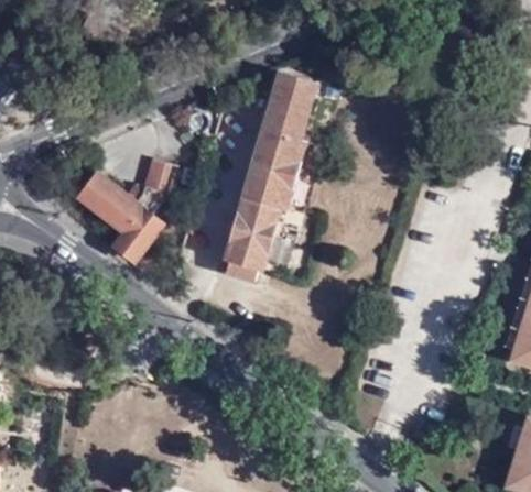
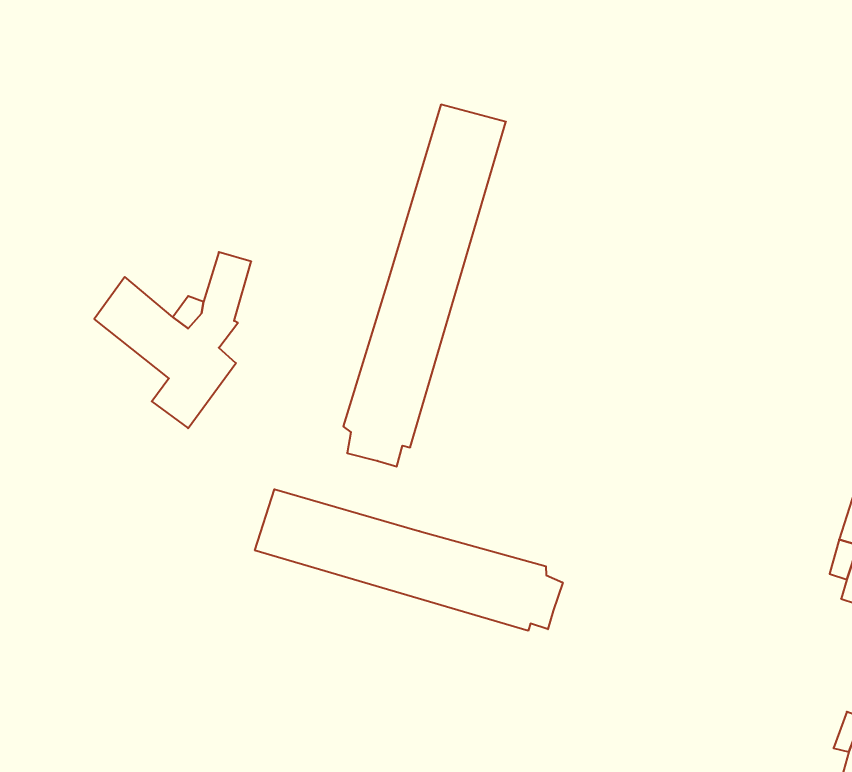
building: none -> [255,489,563,631]

